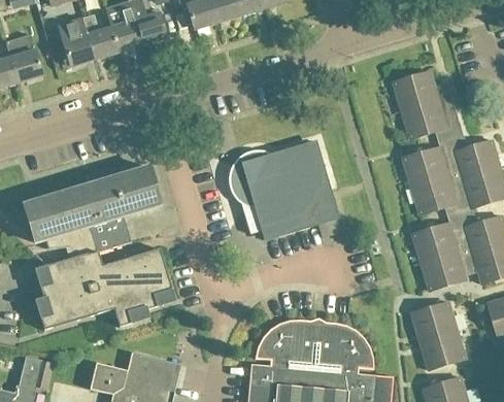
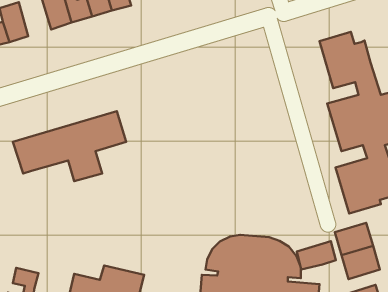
building: [228,142,337,238] -> none
building: [34,226,174,330] -> none
building: none -> [297,241,336,269]

